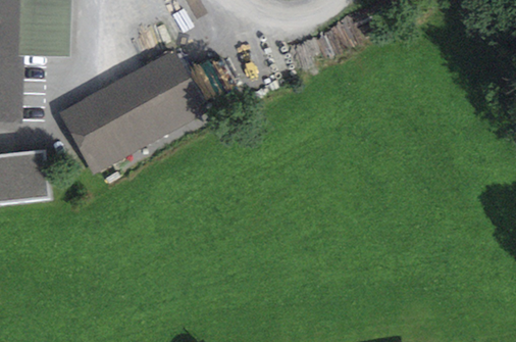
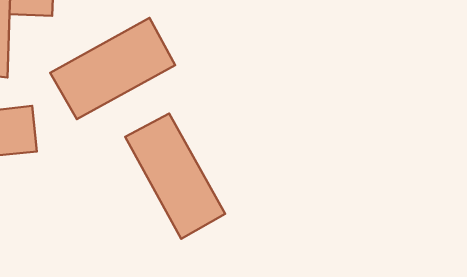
building: none -> [125,113,225,239]

